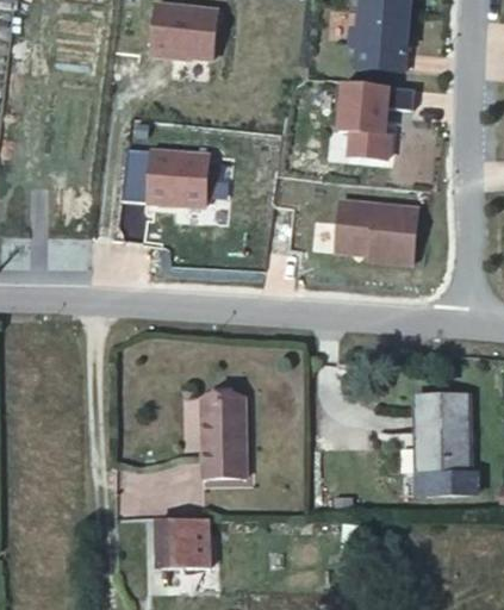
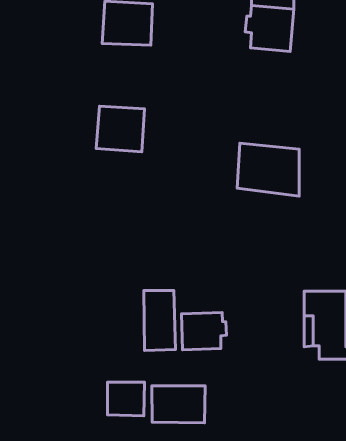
building: [335,85,411,166] -> none
building: none -> [181,313,227,350]
building: none -> [152,386,205,423]

